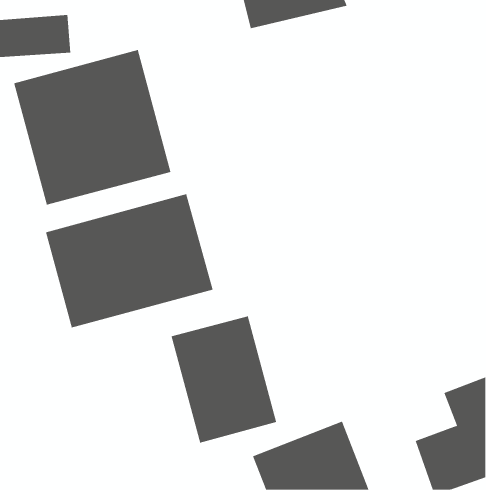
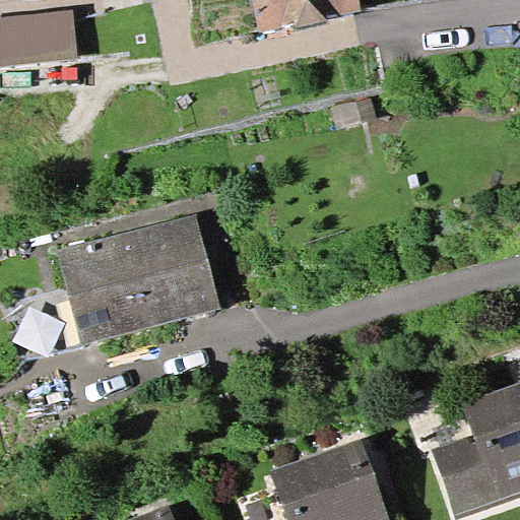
building: [14,49,171,205] -> none
building: [171,316,277,443] -> none

